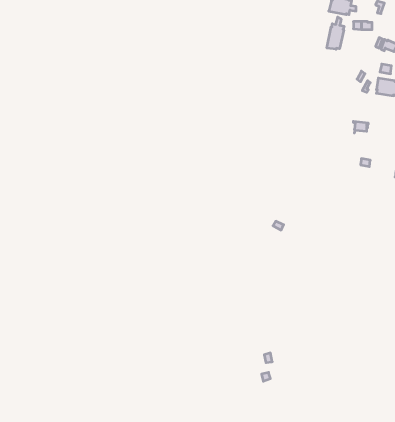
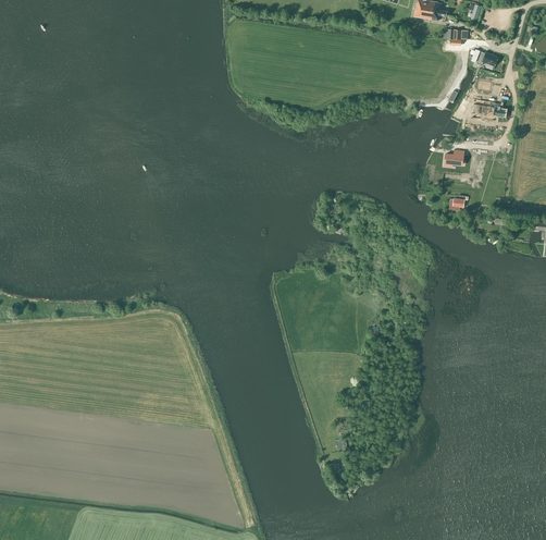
building: [327,17,344,49] -> none

